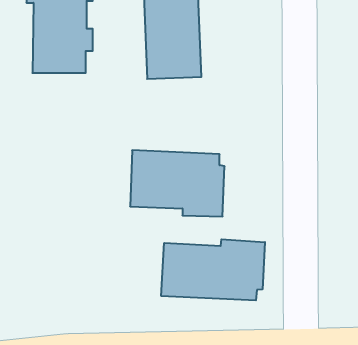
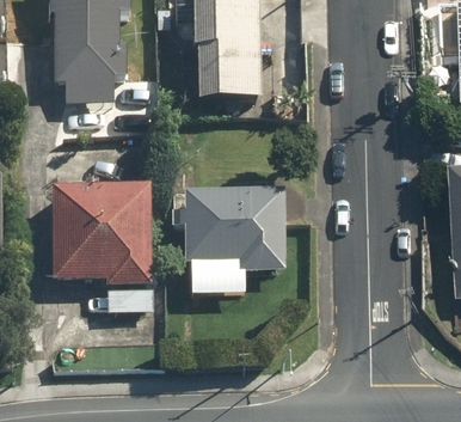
building: none -> [44,184,148,282]
building: [161,239,265,300] -> none

